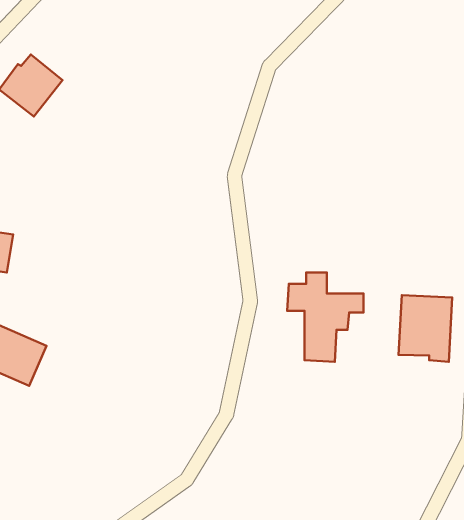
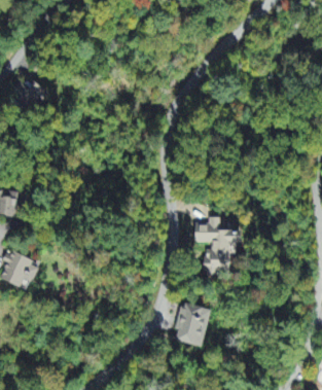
building: [399,295,452,362] -> none
building: none -> [173,300,210,346]

